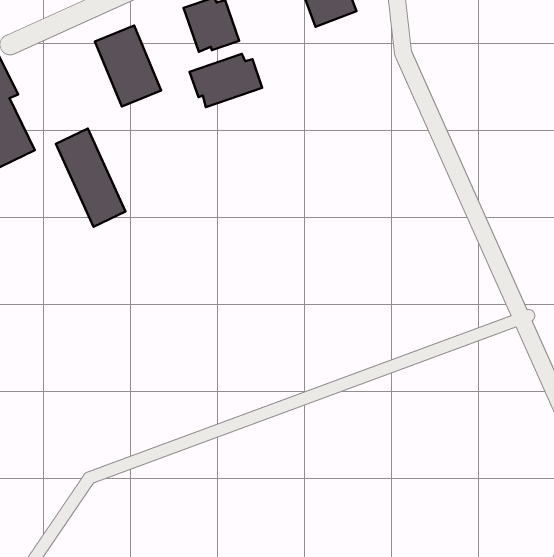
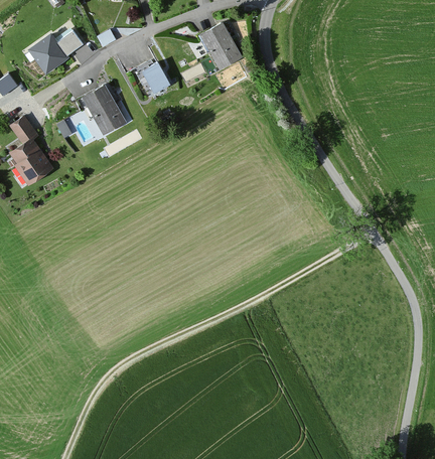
building: [190,54,262,107] -> none
building: [56,129,126,227] -> none

